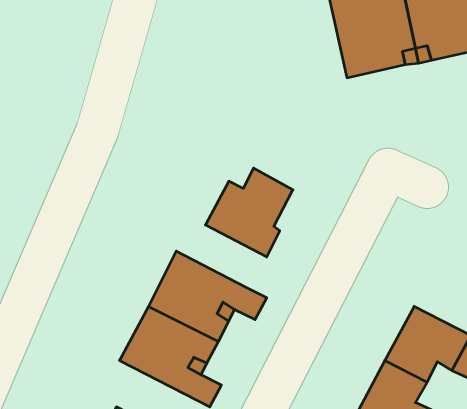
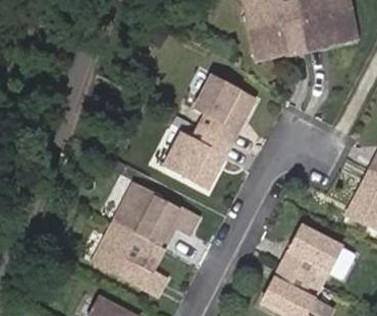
building: none -> [189,77,248,142]

